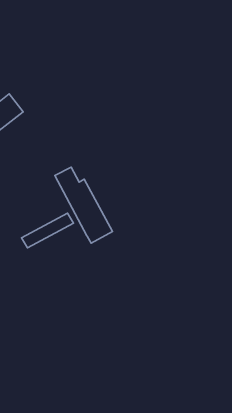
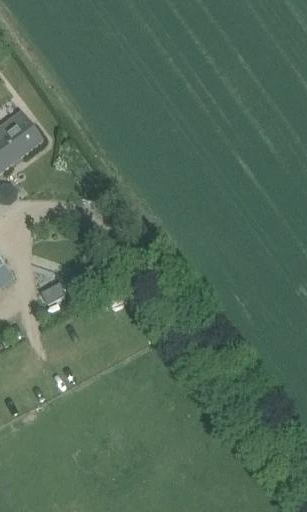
building: [55,167,112,243] -> none

